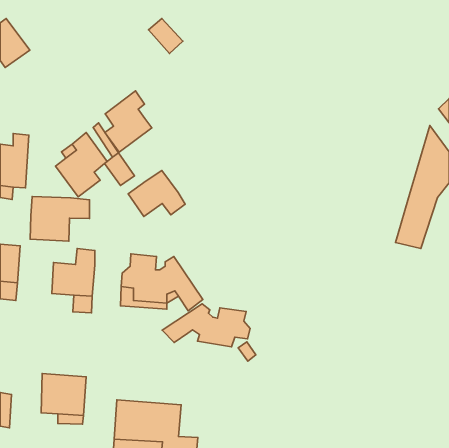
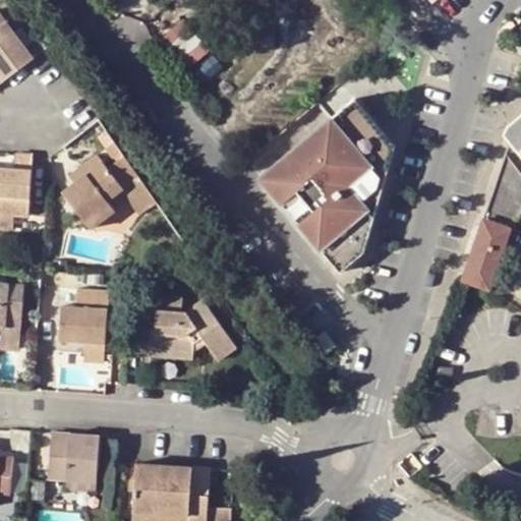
building: none -> [259,84,394,273]
building: [105,91,152,152] -> none
building: [128,170,185,217] -> none
building: [30,196,90,241] -> none
building: [162,304,250,347] -> none

